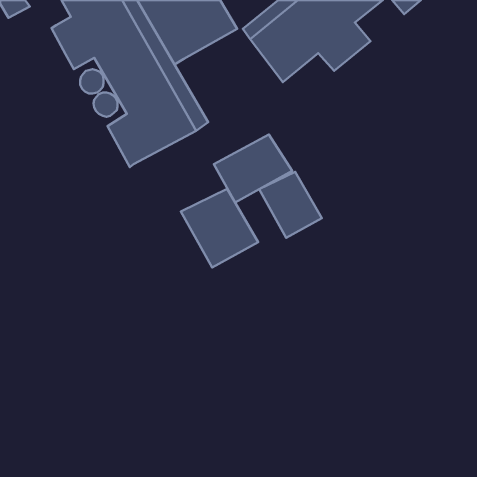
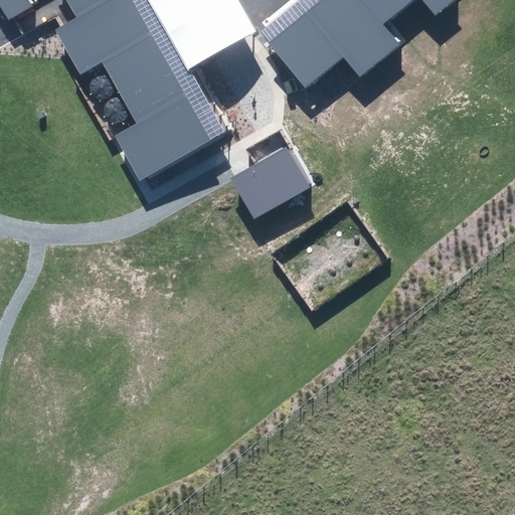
building: [259,172,322,238] -> none
building: [181,189,258,268] -> none

